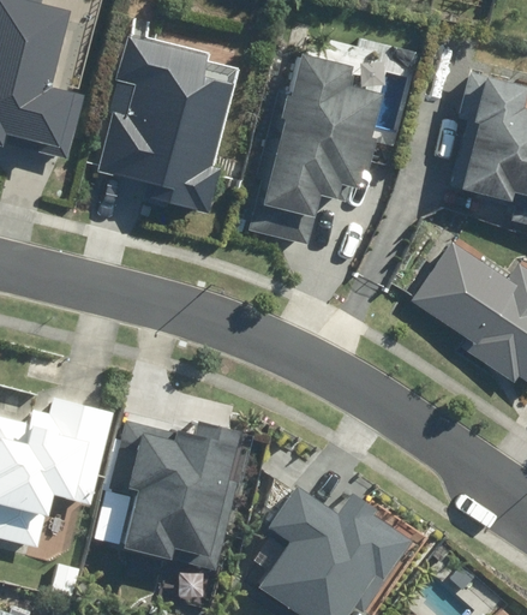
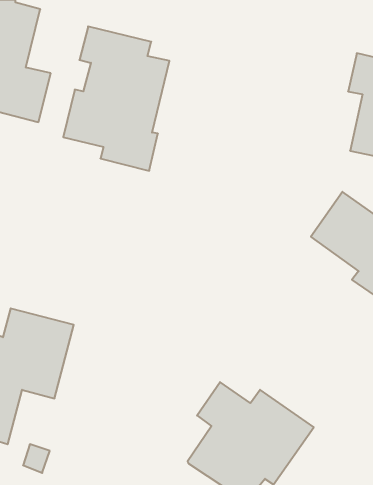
building: [260,54,379,221] -> none
building: [94,417,240,572] -> none

